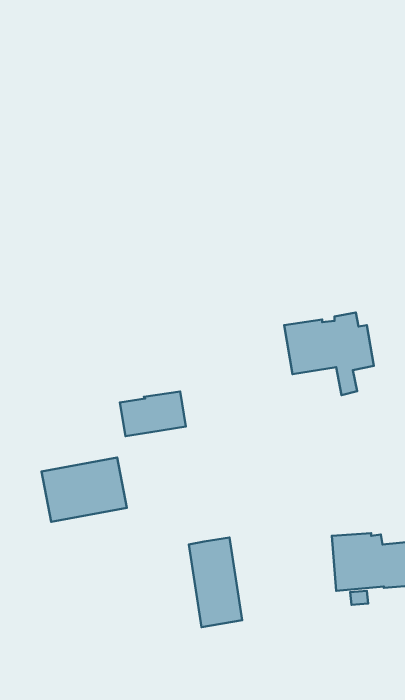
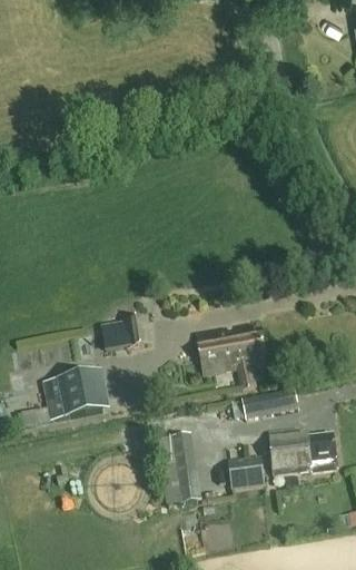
building: [284,312,374,395] -> [197,323,268,389]
building: none -> [246,390,301,417]
building: none -> [229,456,264,490]

